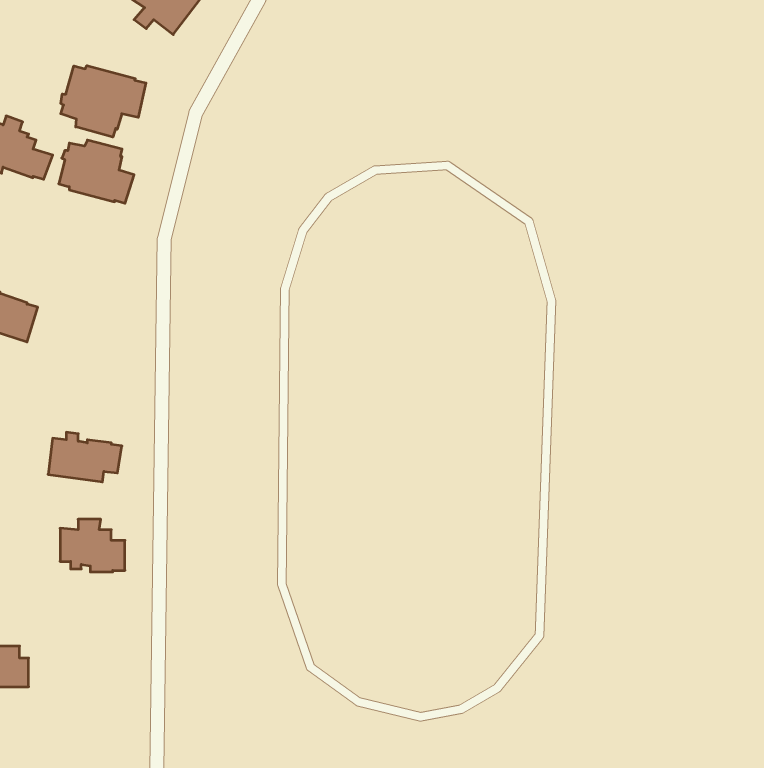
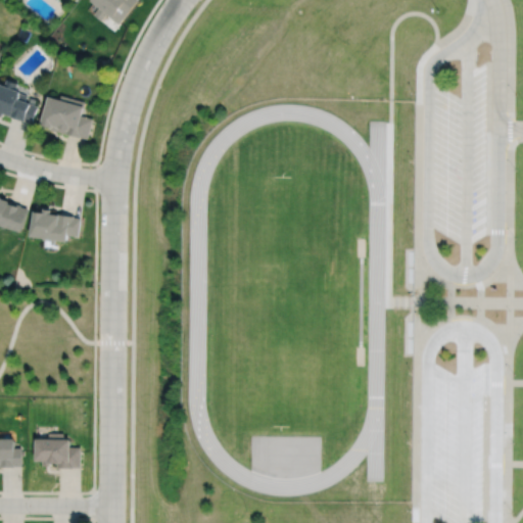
building: [61,66,146,137] -> none
building: [48,432,122,482] -> [29,208,79,242]
building: [60,519,125,572] -> [35,432,79,468]

